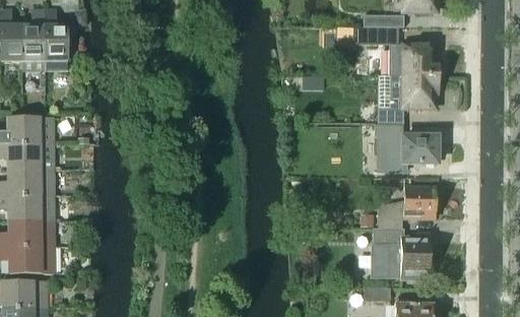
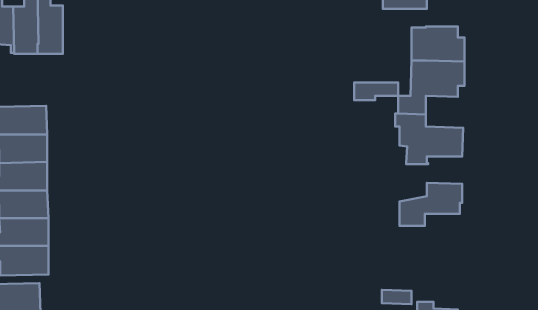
building: [356,27,397,44] -> [354,83,398,100]
building: [373,228,434,276] -> none

